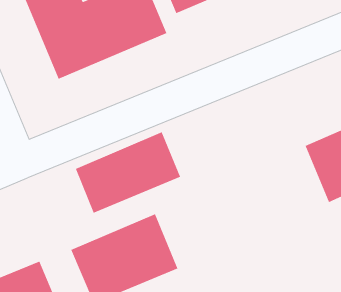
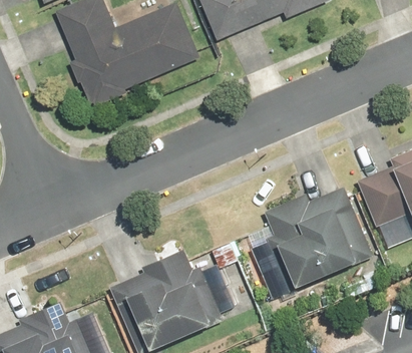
building: [75,131,181,214] -> none
building: none -> [265,190,368,286]

